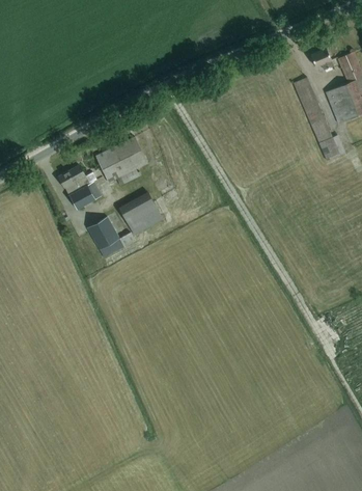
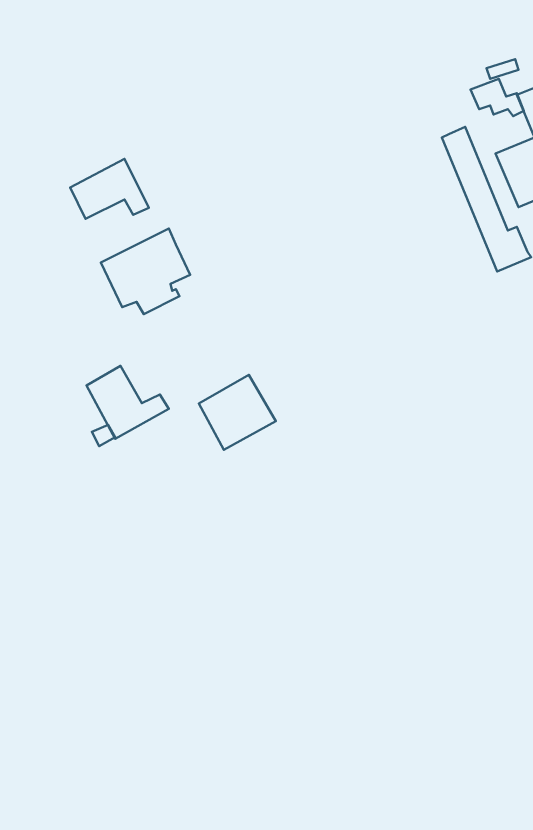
building: none -> [70,159,149,219]
building: [58,164,102,208] -> none
building: [119,191,164,235] -> [199,375,276,450]

